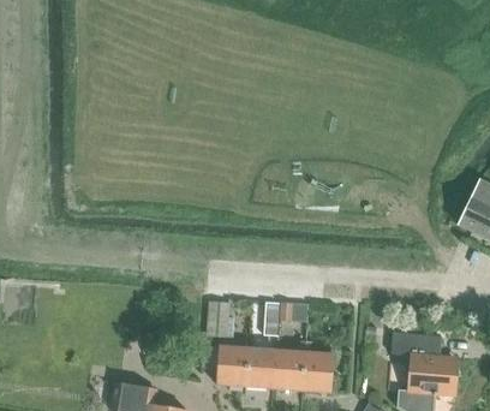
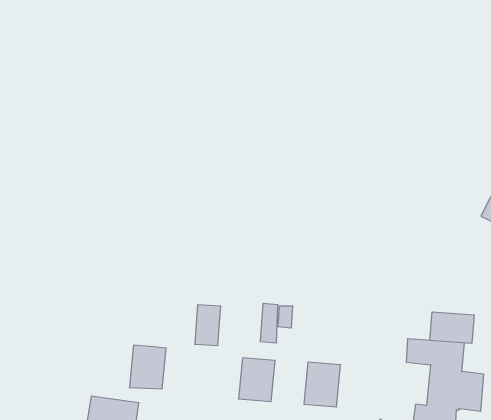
building: none -> [430,312,474,343]
building: [214,346,246,385] -> [129,345,166,389]
building: [271,351,304,389] -> none

